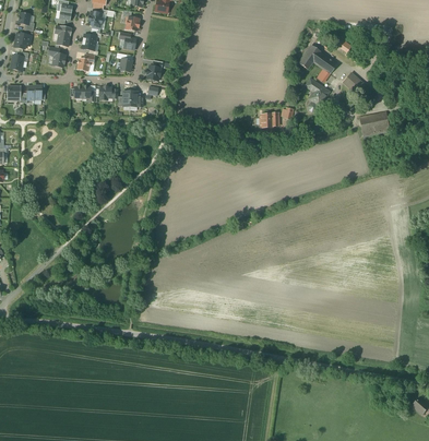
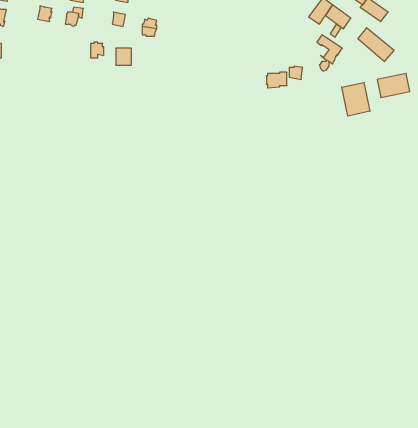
building: none -> [342,82,370,116]

